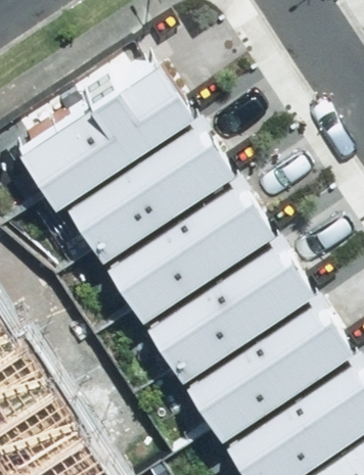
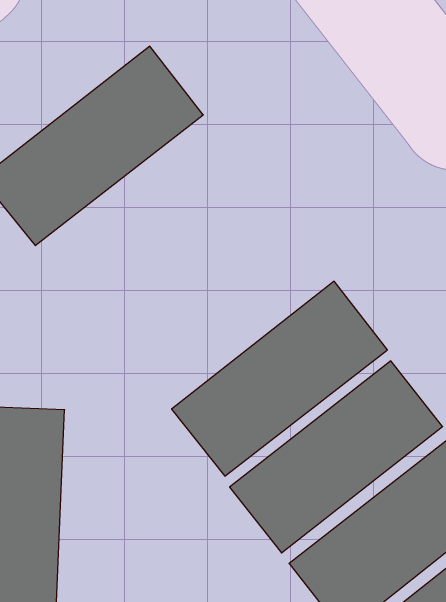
building: [56,102,219,242] -> none
building: [97,164,259,301] -> none

